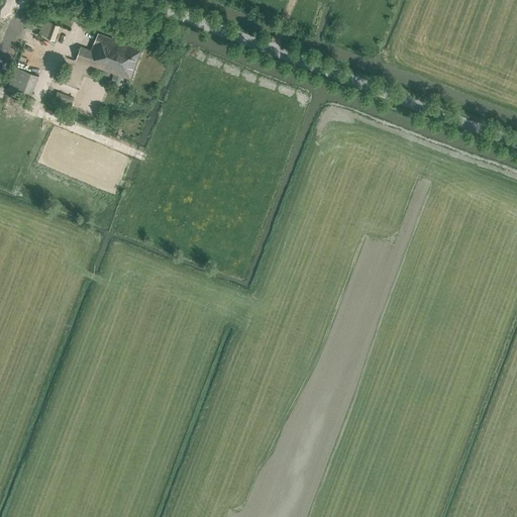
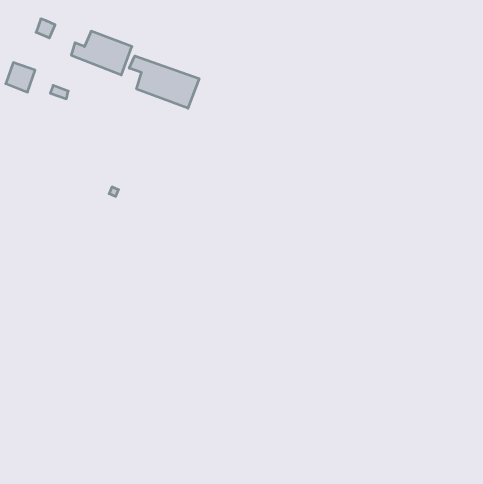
building: none -> [129,56,199,108]

